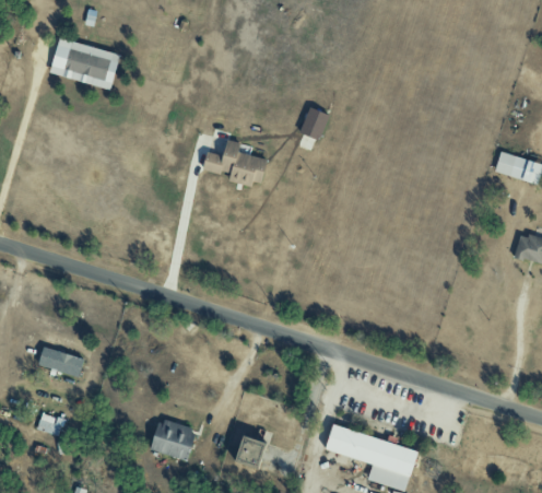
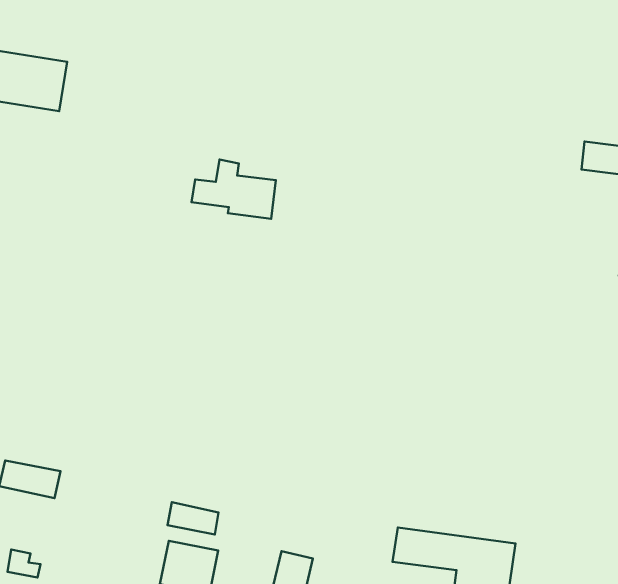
building: [299,106,329,139] -> none
building: none -> [168,502,219,535]

